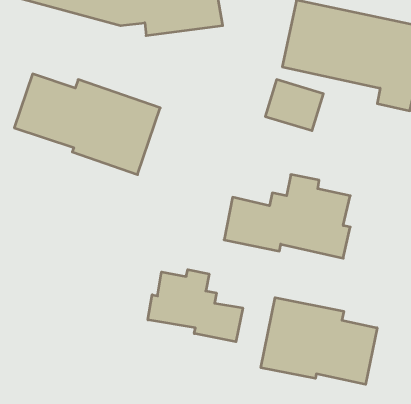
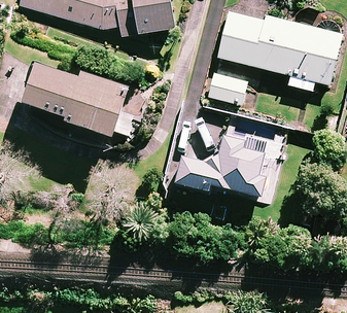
building: [148,270,243,342] -> none
building: [261,298,377,384] -> none

